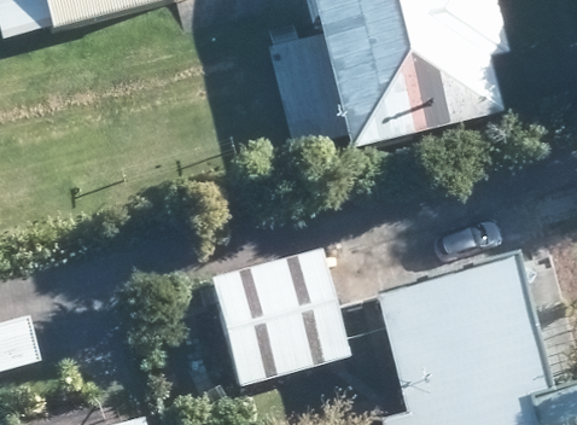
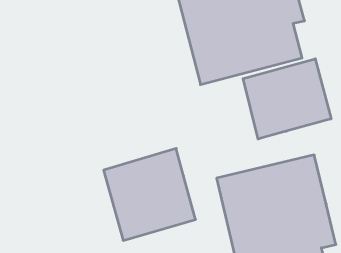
building: none -> [243,59,331,139]

